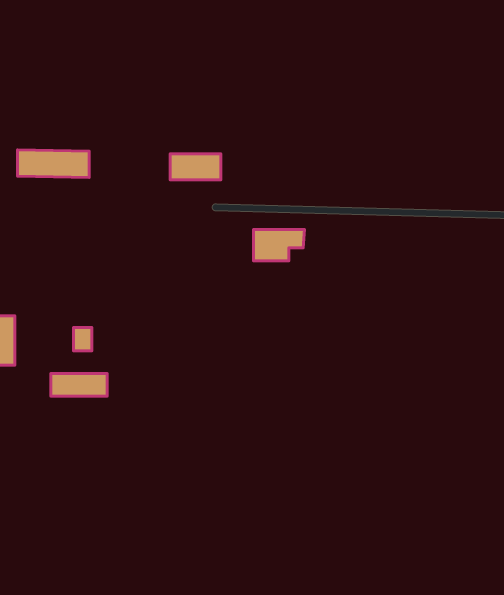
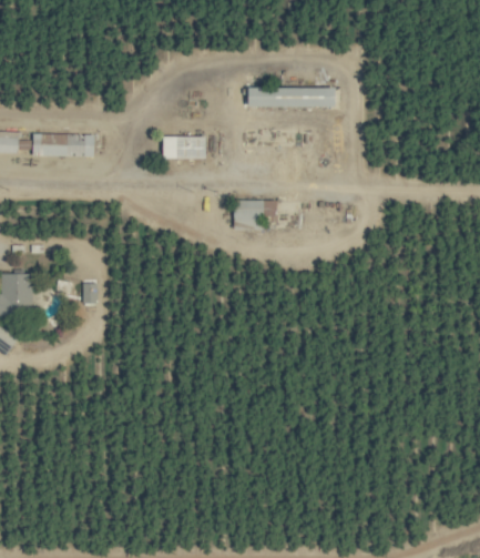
building: none -> [248,87,337,106]
building: [51,373,107,396] -> none

